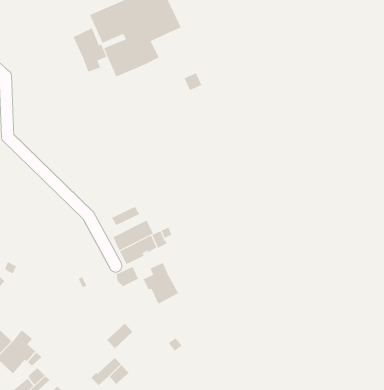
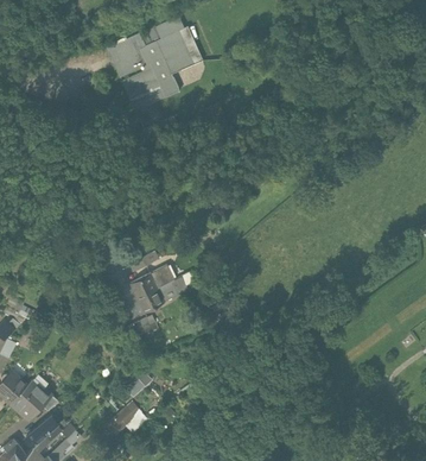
building: [73,28,107,72] -> none
building: [143,262,179,305] -> none

